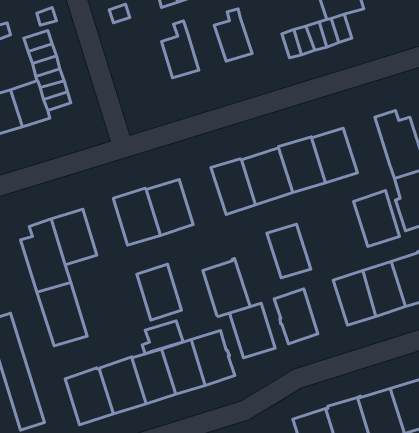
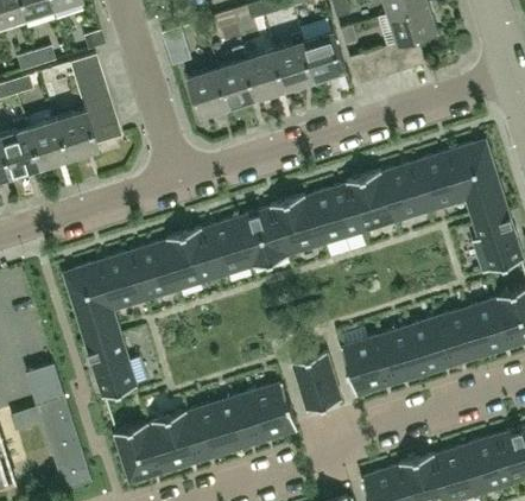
building: none -> [304,33,346,82]
building: none -> [247,51,289,100]
building: none -> [189,69,230,118]
building: [354,191,400,246] -> [416,151,466,211]
building: [267,224,311,278] -> [373,328,420,386]
building: [203,259,250,317] -> [238,205,289,268]
building: [137,264,182,320] -> [133,240,182,300]
building: [142,321,183,354] -> none

